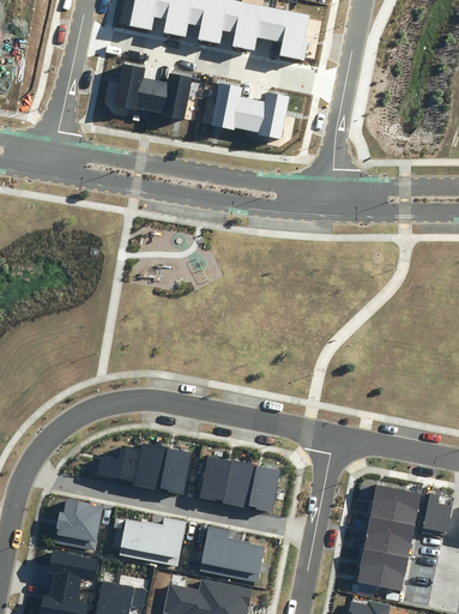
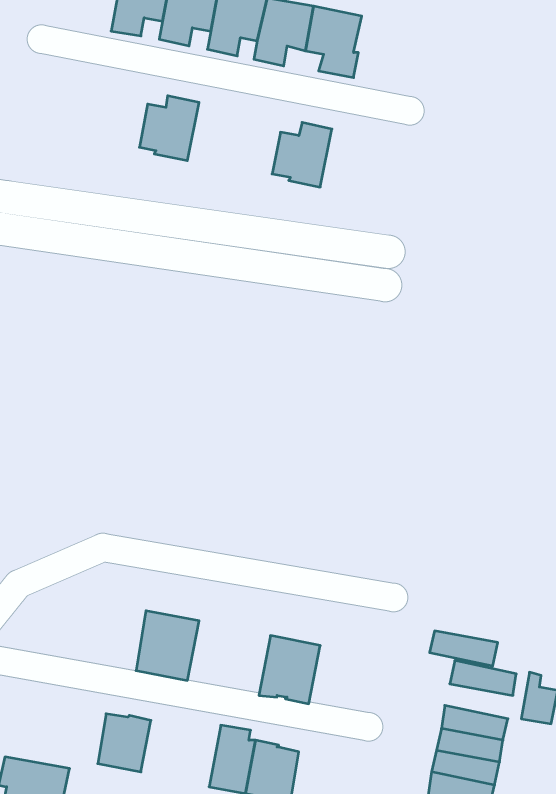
building: [114,64,155,110] -> none
building: [210,84,250,130] -> none
building: [96,443,153,488] -> none
building: [198,456,243,506] -> none
building: [369,498,418,523] -> [430,631,498,666]
building: [54,499,102,549] -> none
building: [150,518,185,566] -> none

